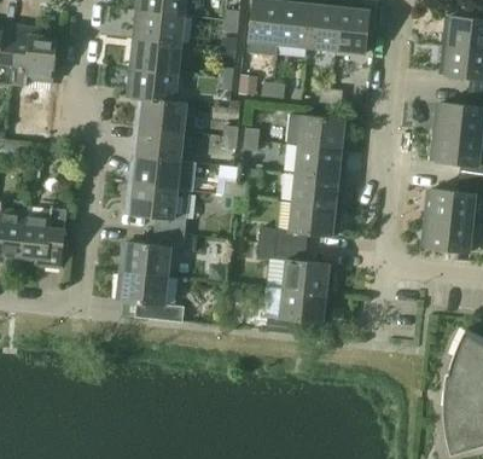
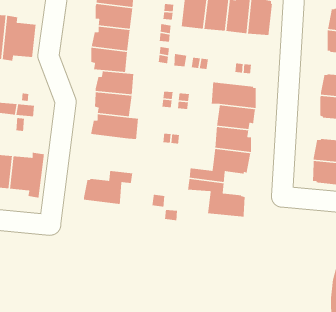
building: [127,184,190,234] -> none
building: [117,271,184,321] -> none
building: [266,289,332,333] -> none

